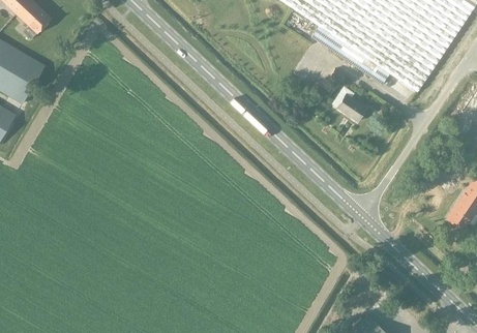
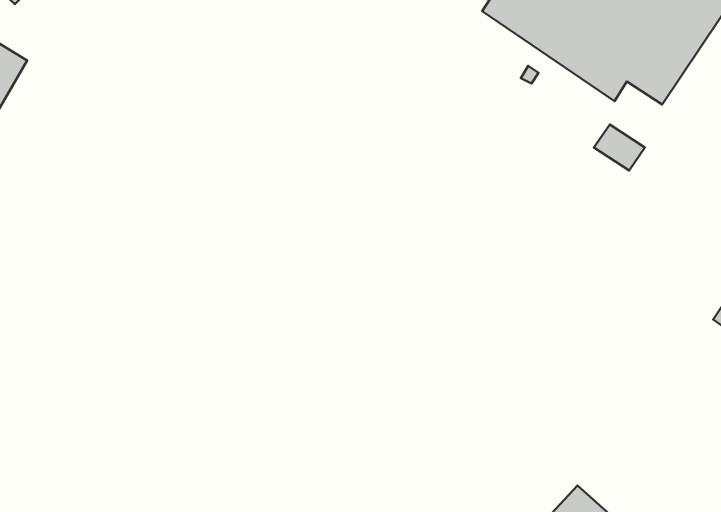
building: [337,93,367,120] -> [594,125,645,170]

